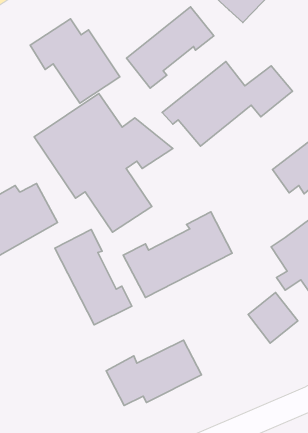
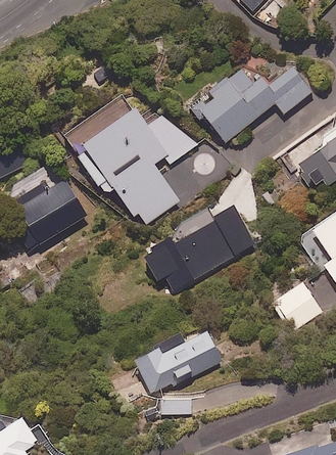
building: [127,7,214,88] -> none
building: [30,19,120,103] -> none
building: [55,230,132,325] -> none

